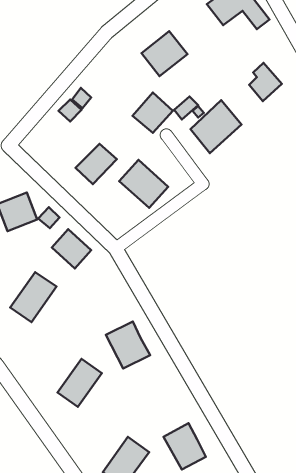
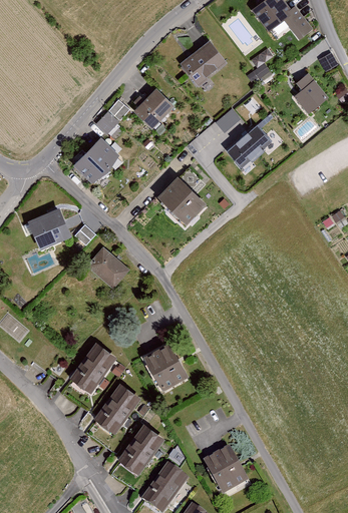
building: [132,93,173,133] -> [133,88,176,130]
building: [75,144,117,184] -> [73,140,116,182]
building: [10,272,56,322] -> [66,342,114,394]
building: none -> [116,423,164,475]

